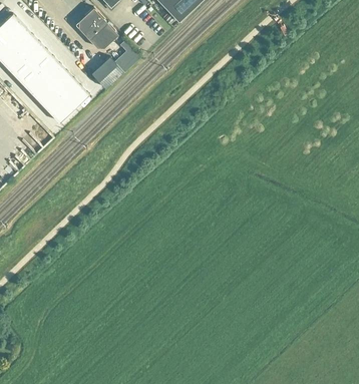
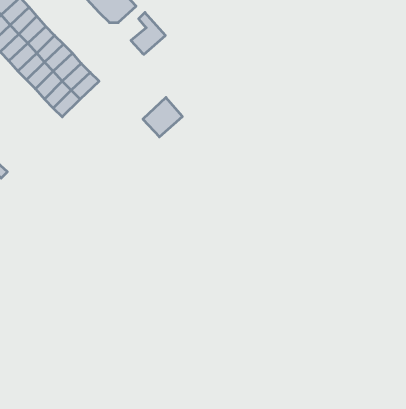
building: [91,57,122,88] -> [143,97,182,137]

